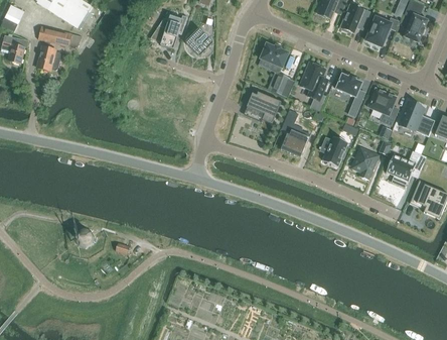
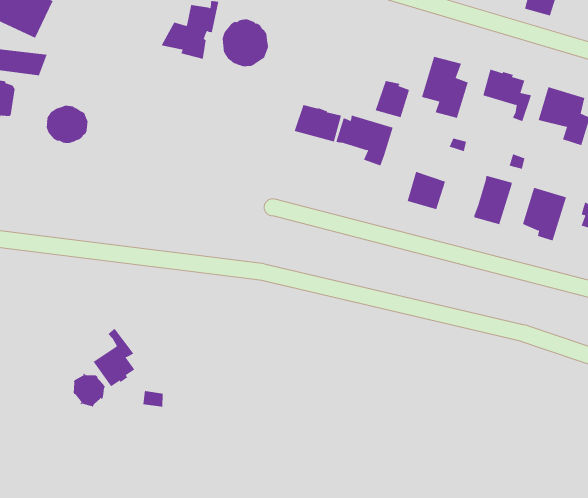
building: [260,43,289,68] -> [294,105,342,142]
building: none -> [46,105,88,144]
building: none -> [93,328,135,387]

